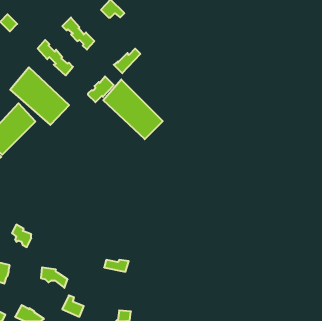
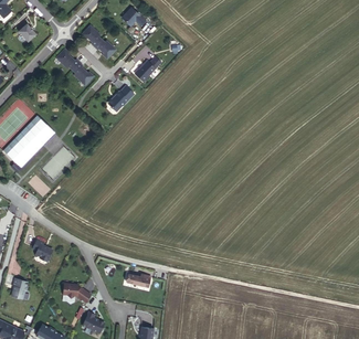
building: [10,67,69,125] -> none
building: [103,79,163,139] -> none

